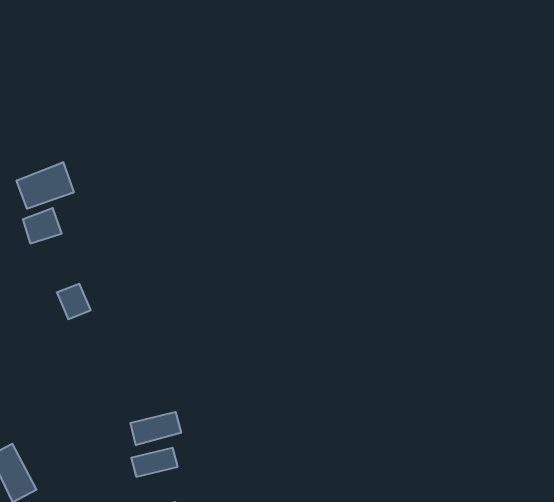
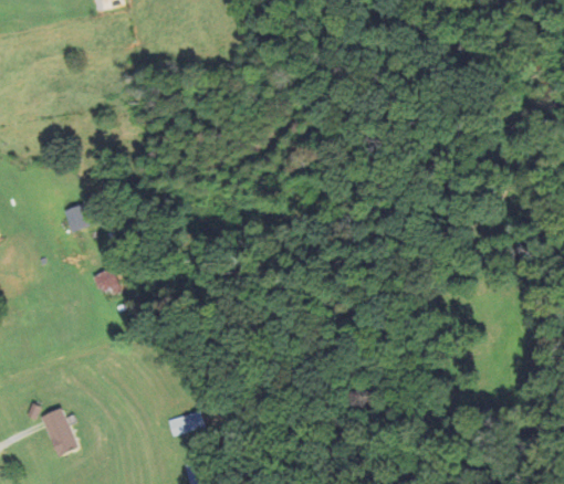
building: [17,162,74,209] -> none
building: [130,412,181,445] -> none

